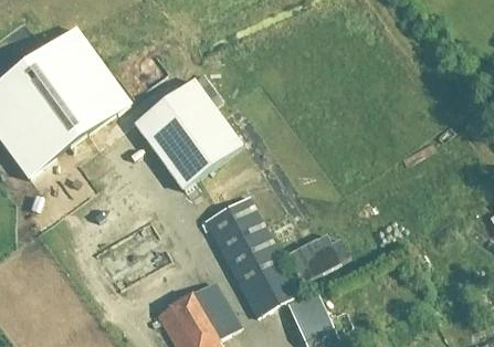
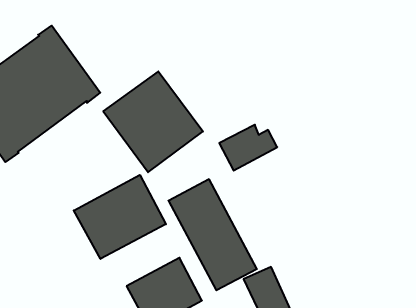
building: none -> [74,175,166,259]
building: [287,233,350,283] -> [219,125,277,171]

